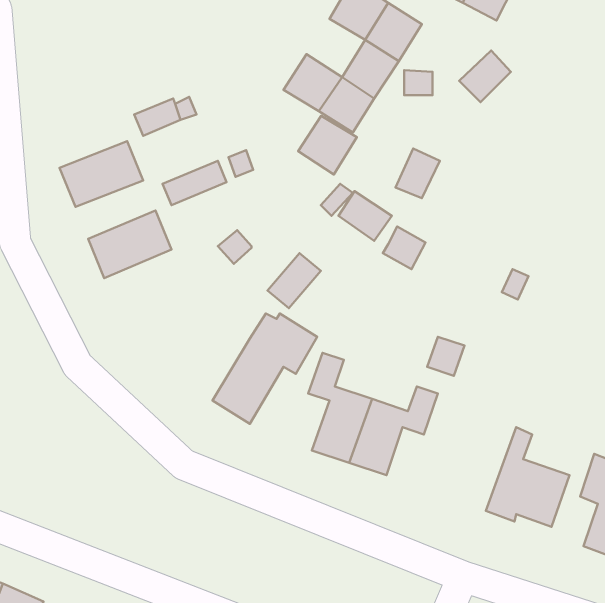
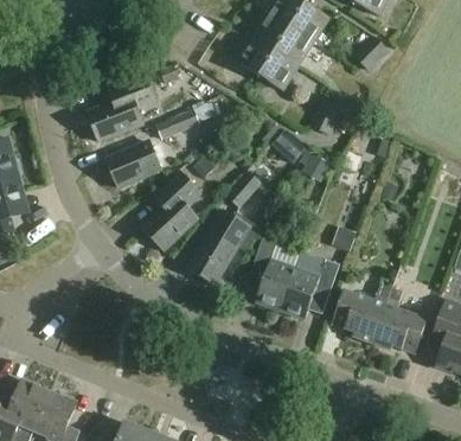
building: [298,116,357,174] -> [251,14,290,53]
building: none -> [142,172,199,250]
building: none -> [331,283,391,343]

